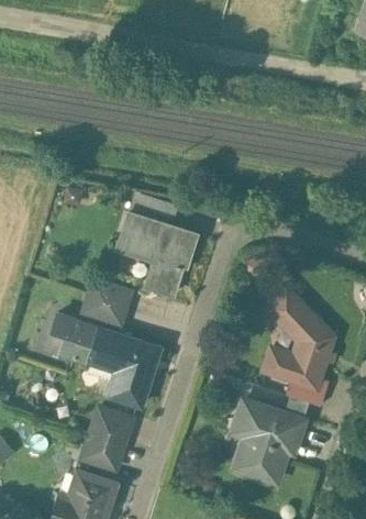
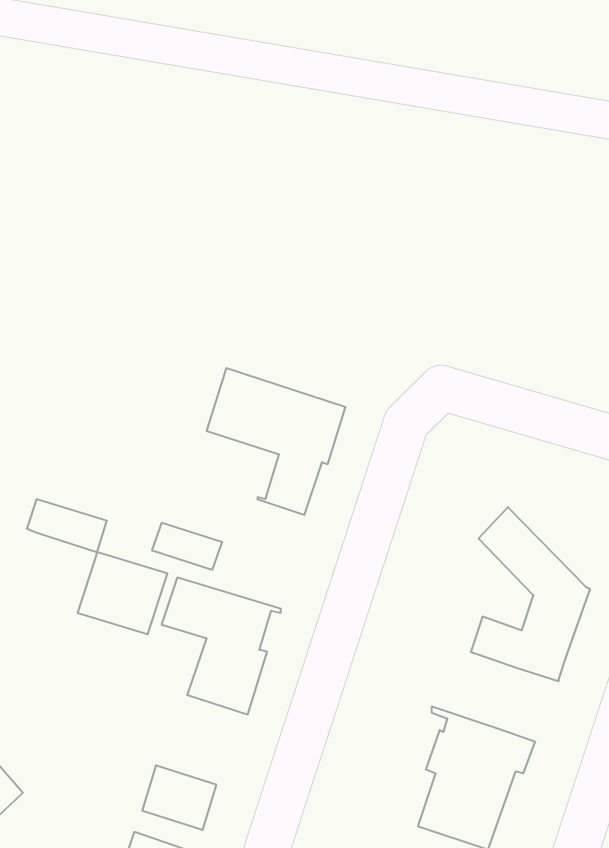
building: [87,279,132,309] -> [27,499,107,552]
building: [286,379,326,408] -> none
building: [89,409,132,445] -> none

